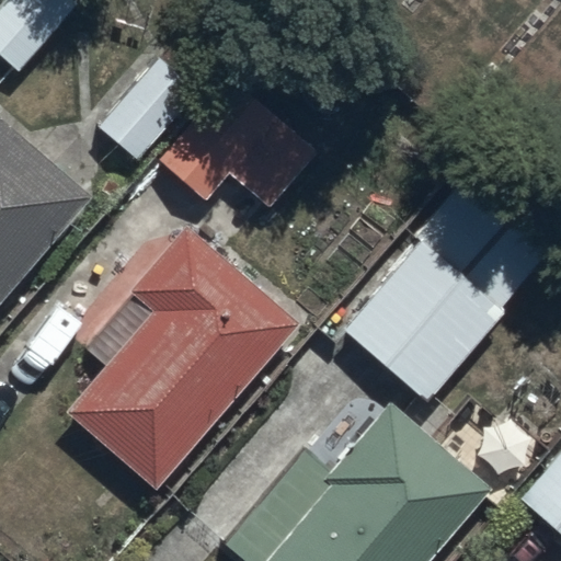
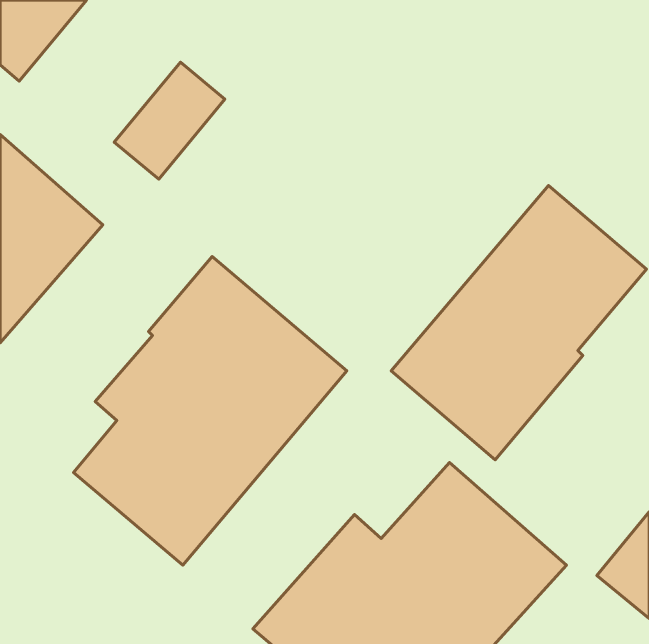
building: [159,78,317,208] -> none

